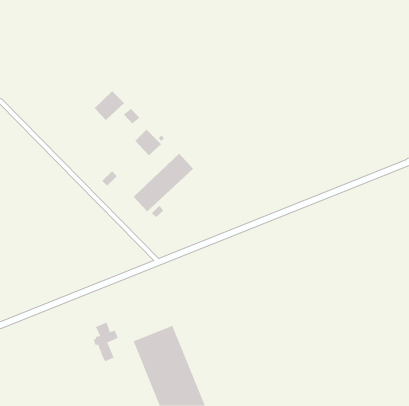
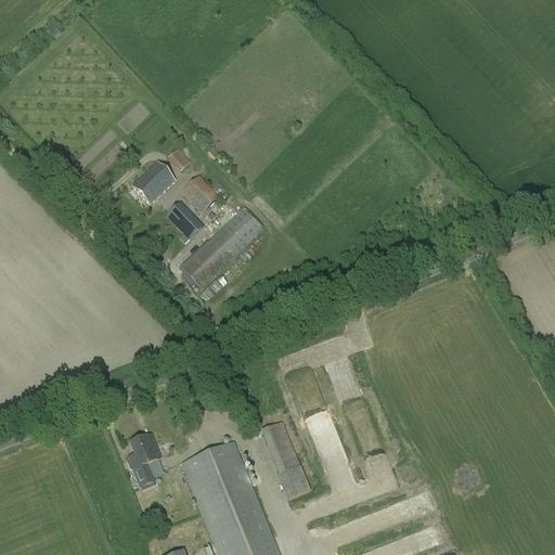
building: [94,90,125,121] -> [132,163,175,204]
building: none -> [166,201,203,242]
building: none -> [260,421,310,500]

